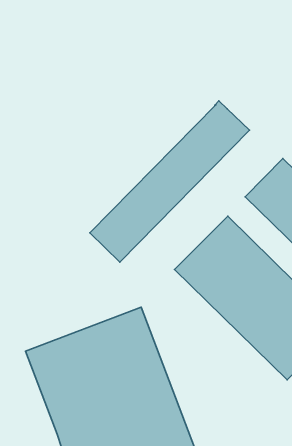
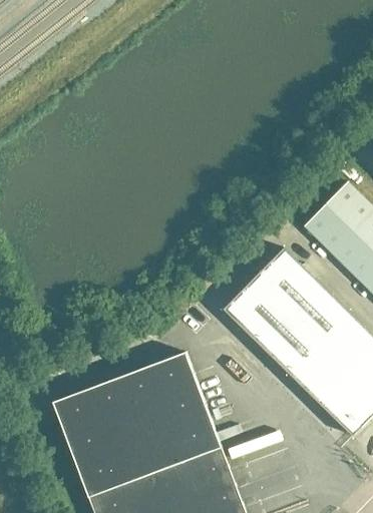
building: [90,101,250,262] -> none

